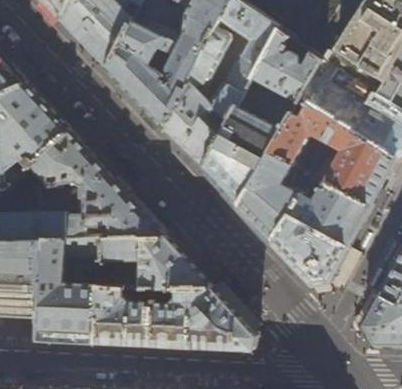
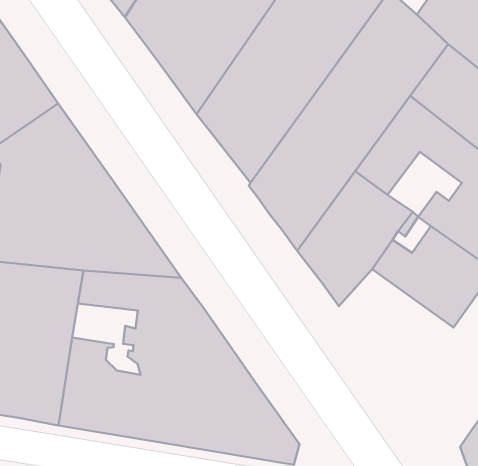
building: [272,218,349,288] -> none

